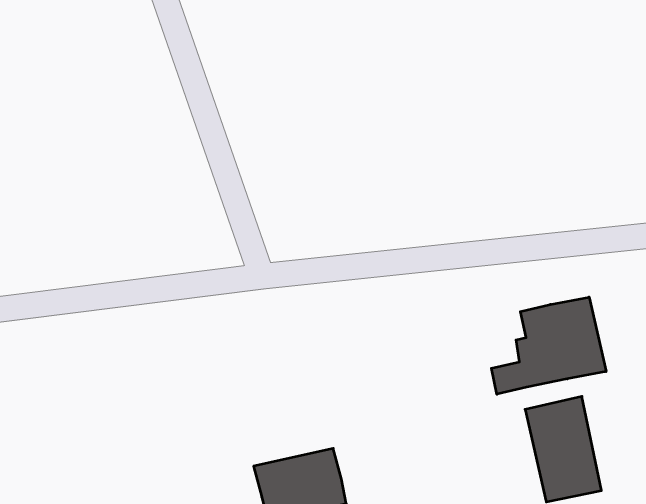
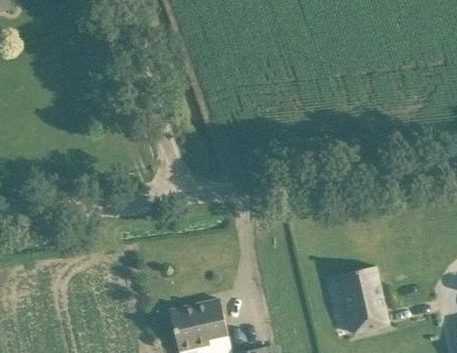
building: [491,297,606,394] -> none

